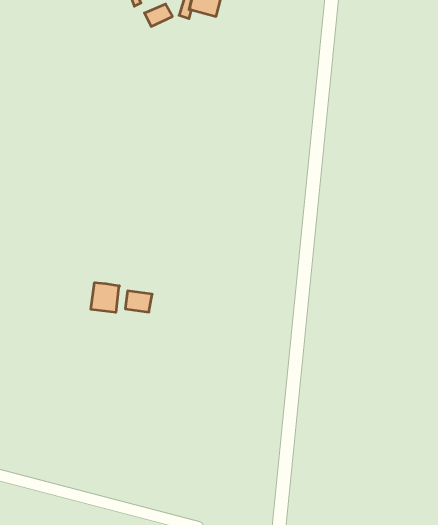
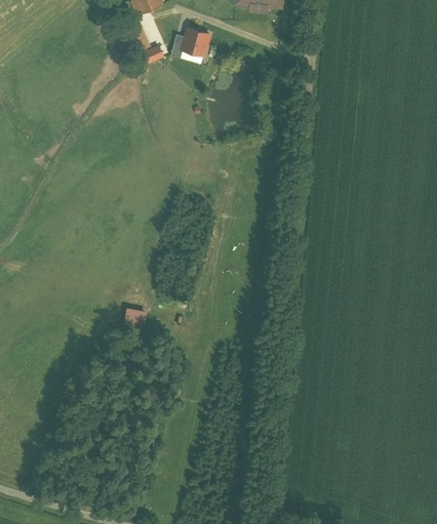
building: [91,283,119,312] -> none

